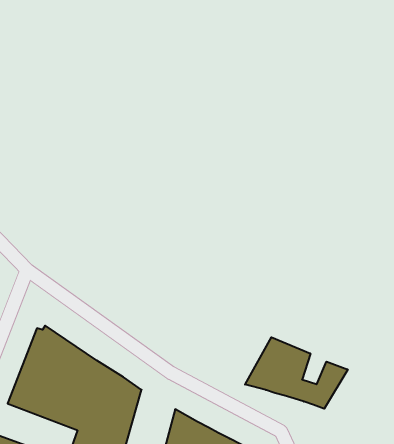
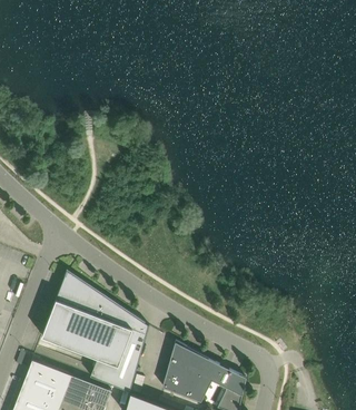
building: [245,337,348,409] -> none

